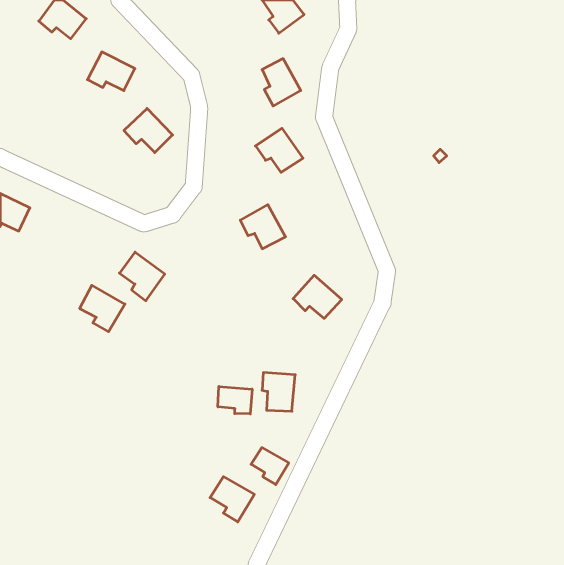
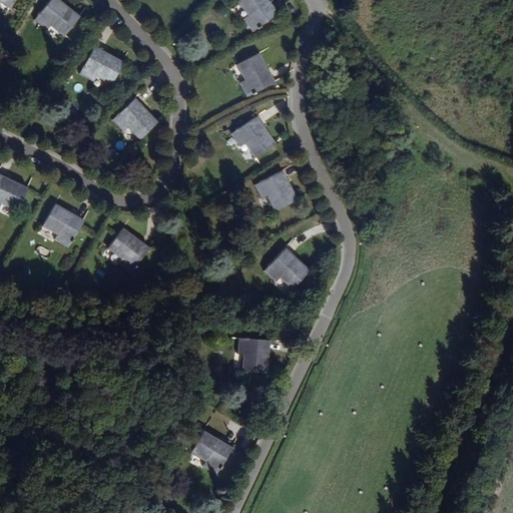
building: [240,205,286,249] -> [256,170,298,210]
building: [80,285,125,332] -> [44,204,85,246]
building: [218,386,252,414] -> none
building: [251,448,289,485] -> none

